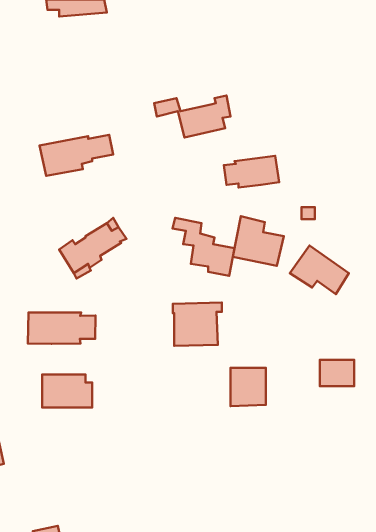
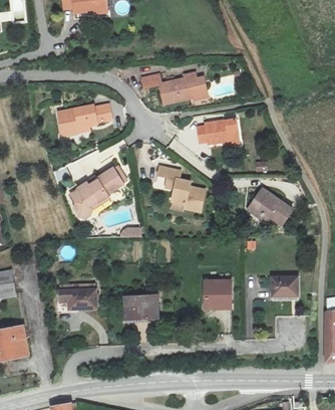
building: [233,216,284,266] -> none
building: [173,303,222,346] -> [122,286,159,320]
building: [28,313,95,344] -> none

